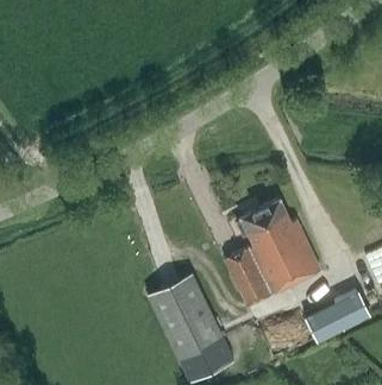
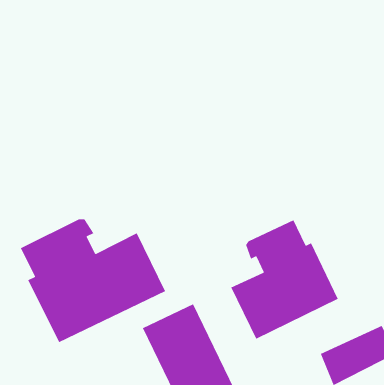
building: none -> [20,218,166,343]

